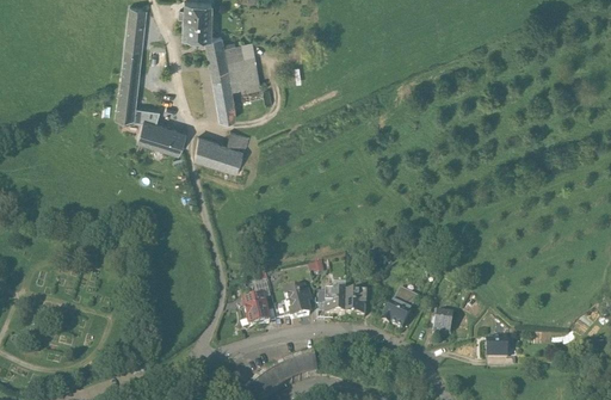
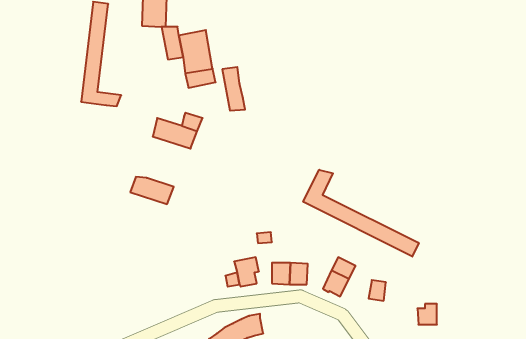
building: [211,67,236,115] -> [222,67,245,111]
building: [137,119,185,149] -> [130,177,174,204]
building: none -> [303,170,419,257]
building: [245,285,269,324] -> none

